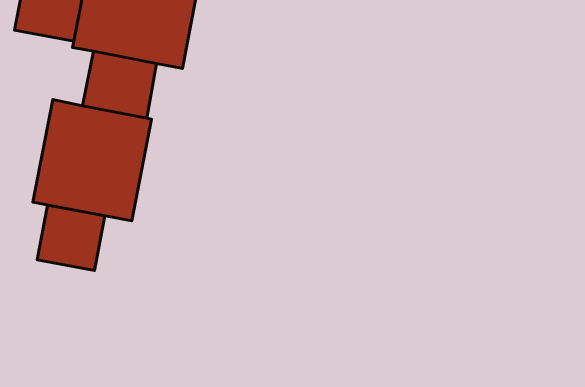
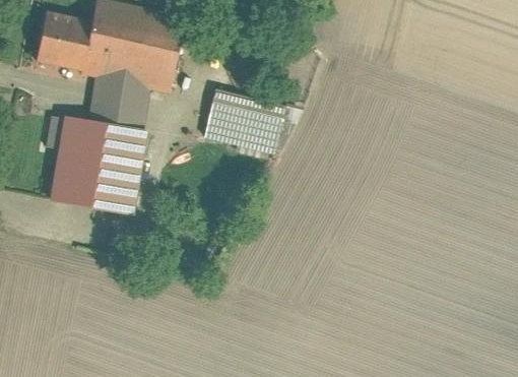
building: none -> [201,89,284,155]
building: [37,205,105,271] -> none

